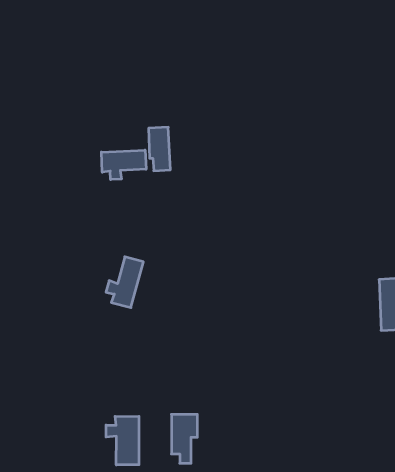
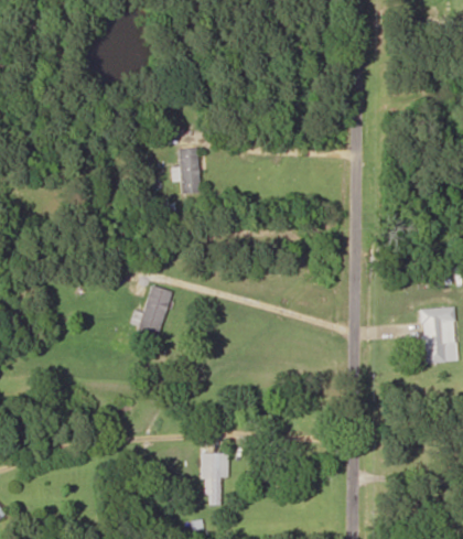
building: [101,150,146,180] -> none
building: [106,416,139,465] -> none

